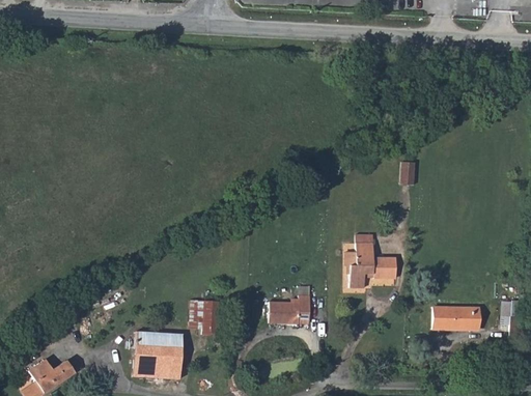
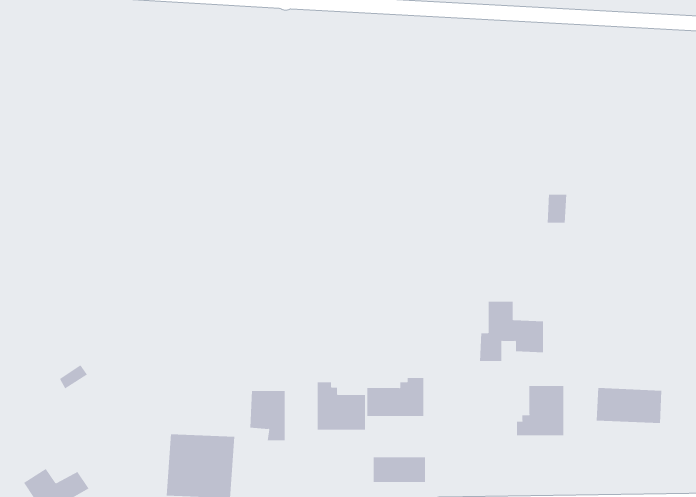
building: none -> [317,381,365,430]
building: none -> [517,385,564,436]
building: none -> [373,457,425,483]

